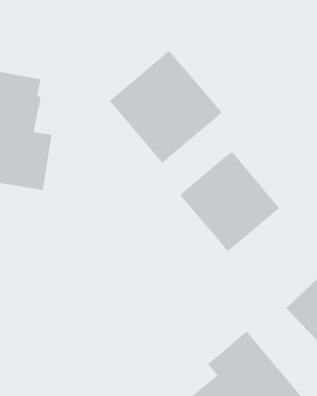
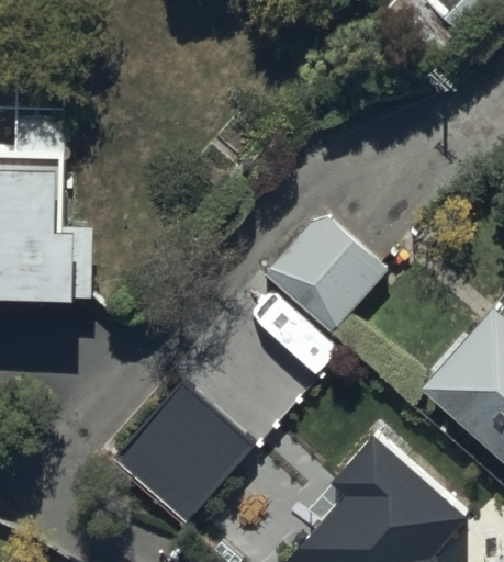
building: [109,50,222,164] -> none
building: none -> [114,381,256,522]

